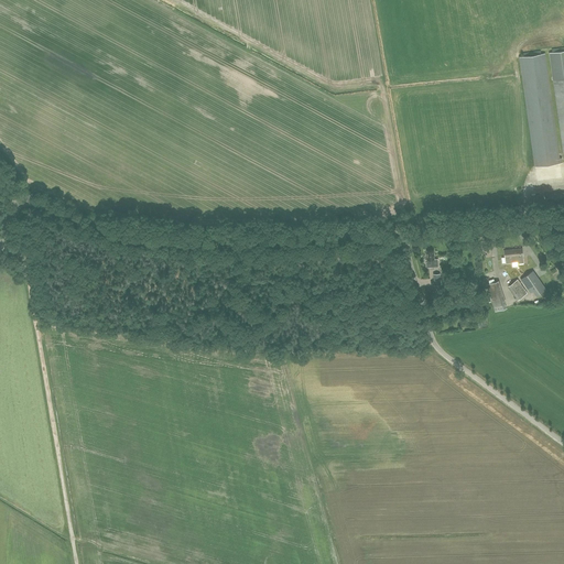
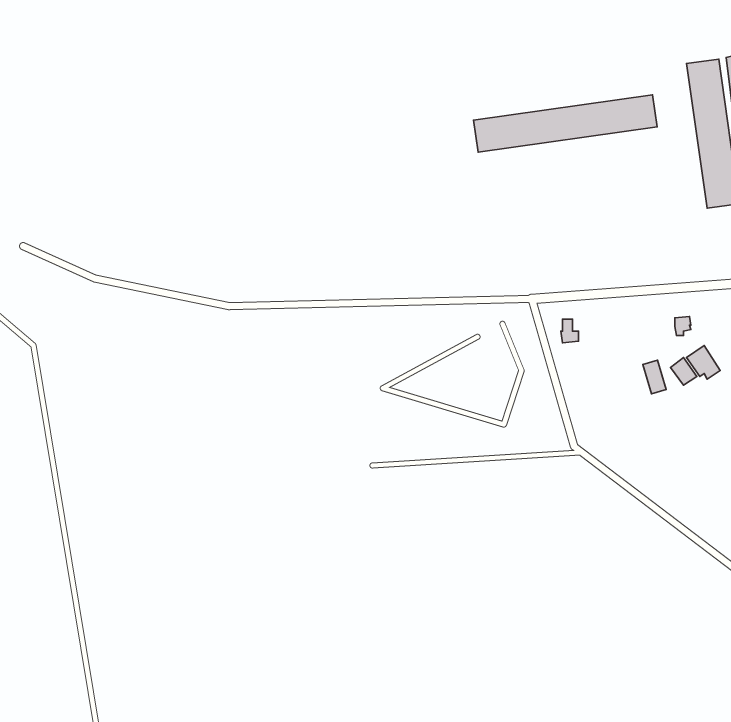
building: none -> [473,95,657,152]

